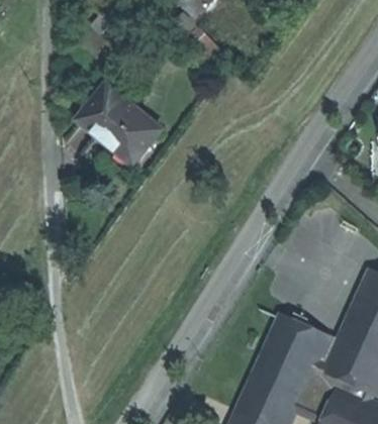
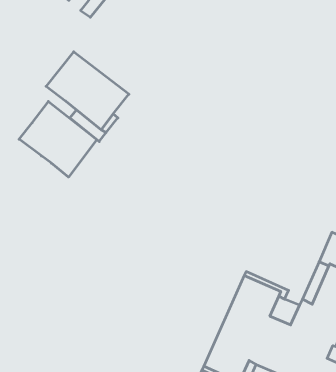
building: none -> [19,101,97,177]

